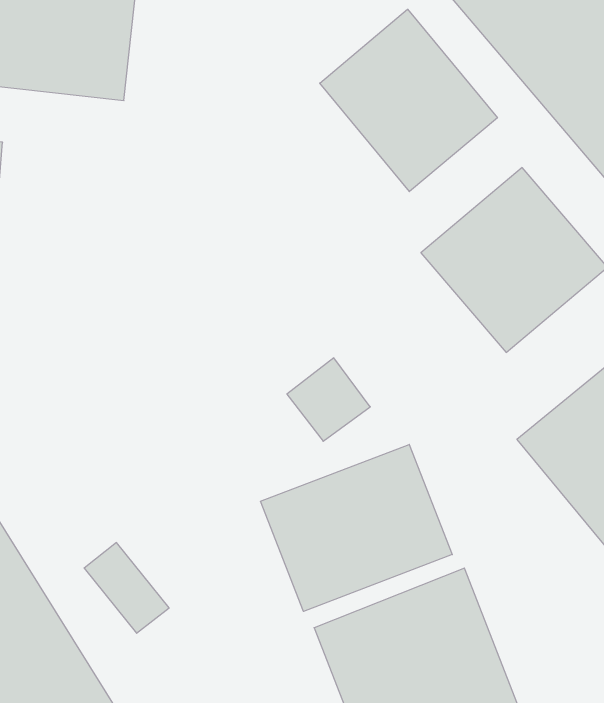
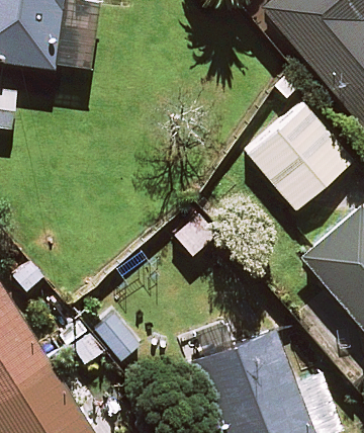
building: [320,9,497,192] -> none
building: [260,444,452,611] -> none

